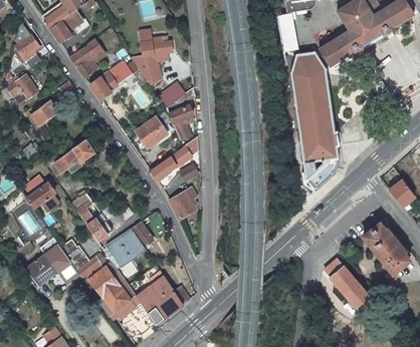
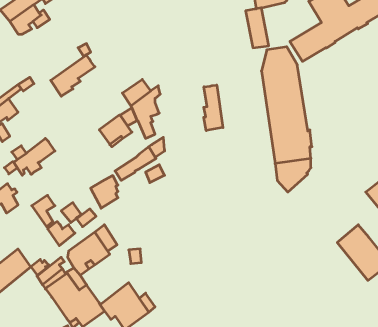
building: [132,37,176,86] -> none
building: [70,39,106,75] -> none
building: none -> [204,85,223,131]
building: [170,188,196,219] -> [91,176,118,208]
building: [324,260,369,307] -> none

